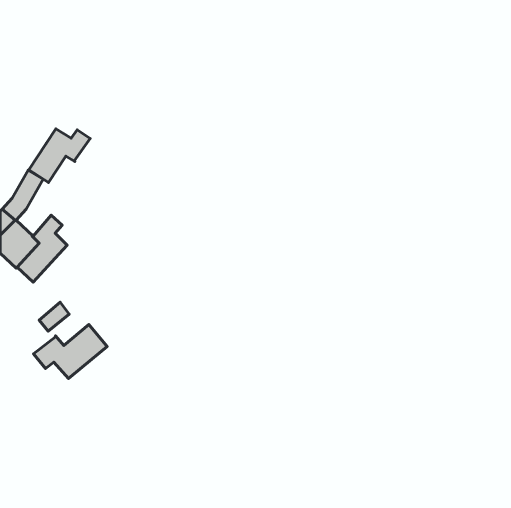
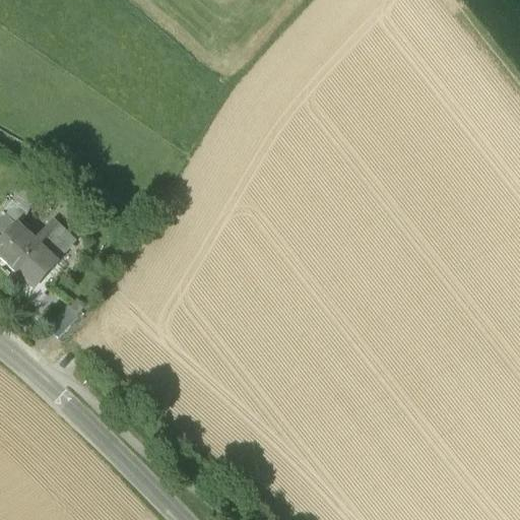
building: [29,129,90,183] -> none
building: [33,325,107,379] -> none

